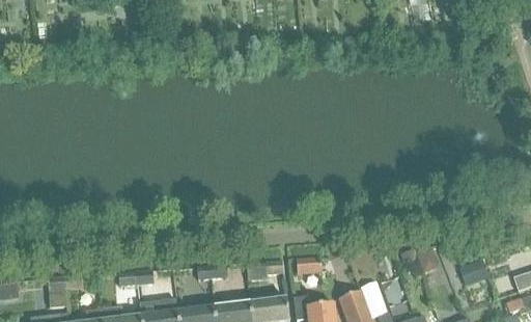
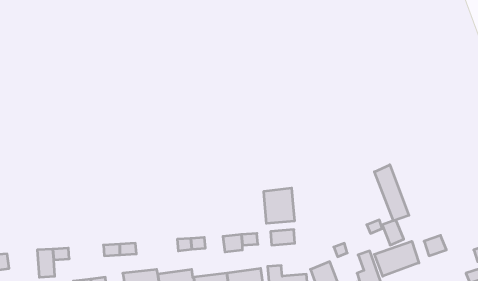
building: none -> [374,165,409,221]
building: none -> [264,188,294,223]
building: none -> [374,241,419,276]

